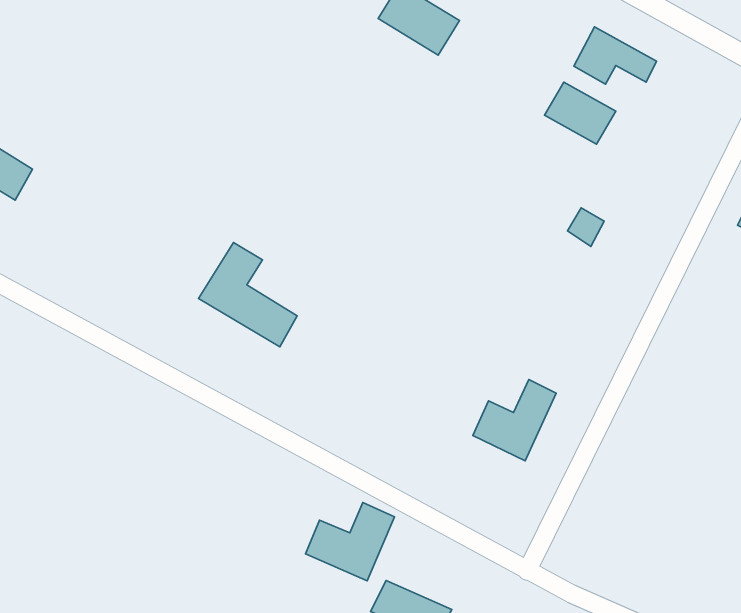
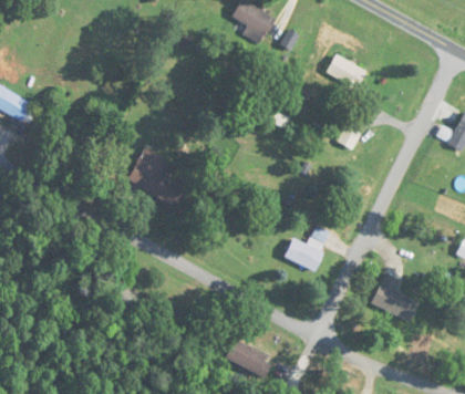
building: [574,27,657,84] -> none
building: none -> [371,272,420,322]
building: [306,503,394,581] -> none

